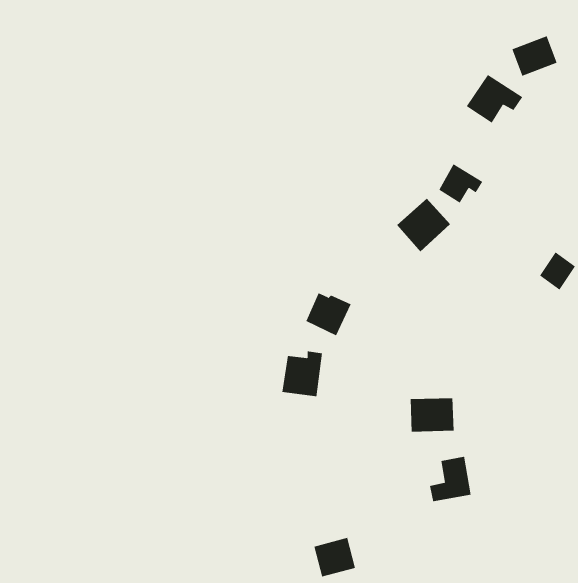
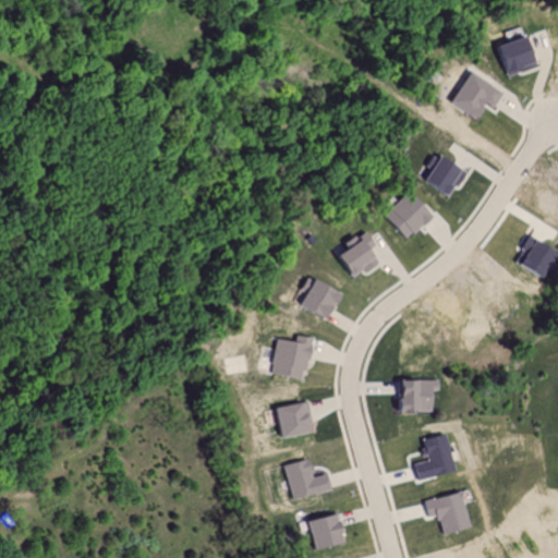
building: none -> [336,233,380,279]
building: none -> [277,402,316,436]
building: none -> [287,459,333,498]
building: none -> [426,492,470,533]

